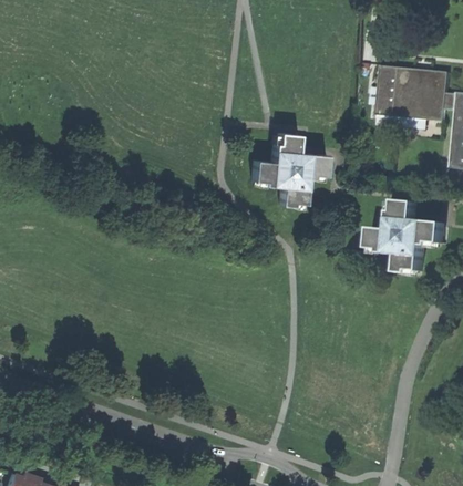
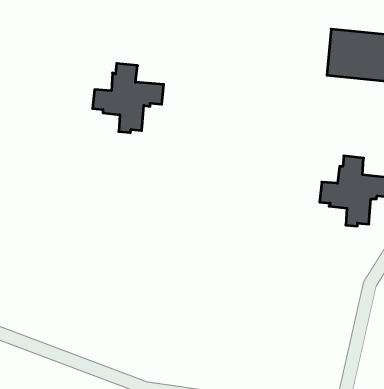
building: [246,132,321,205] -> [93,63,164,133]

